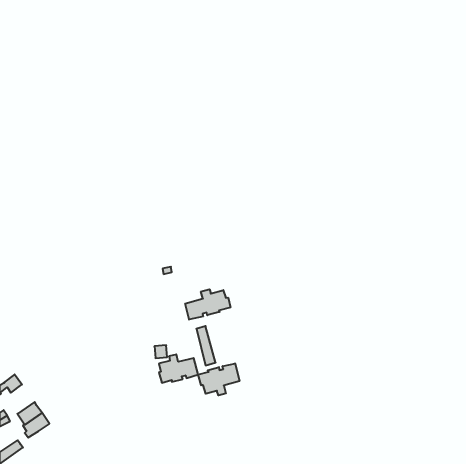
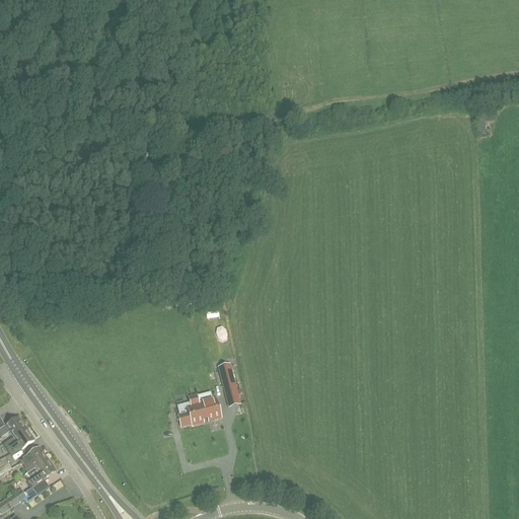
building: [185,289,230,320] -> none
building: [198,363,239,395] -> none
building: none -> [6,427,33,454]

